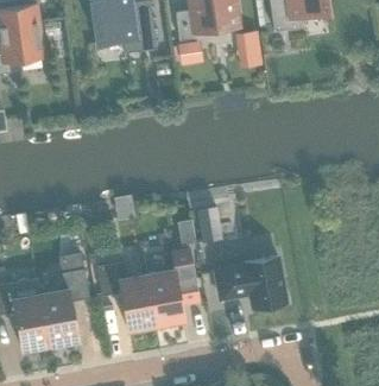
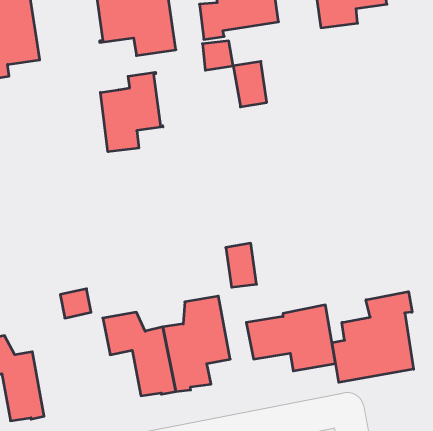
building: [235,31,263,68] -> [233,61,267,107]
building: none -> [100,72,163,152]
building: none -> [332,292,414,382]
building: [40,268,90,346] -> none

